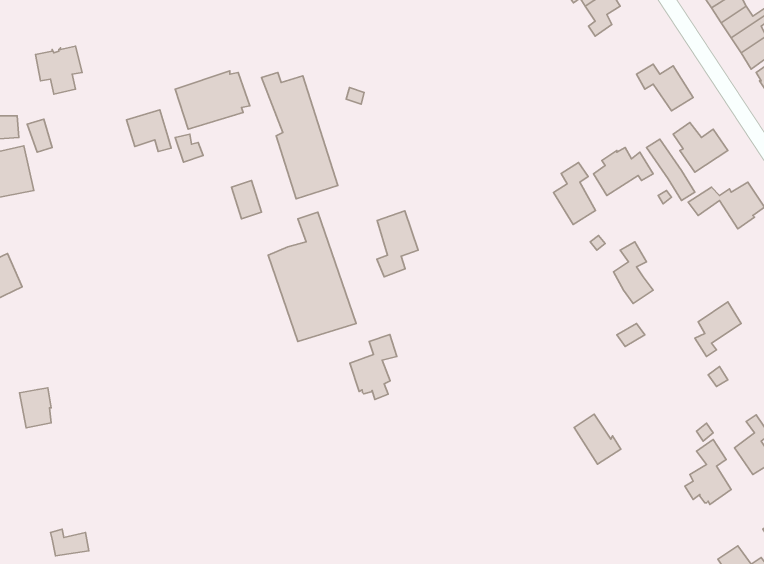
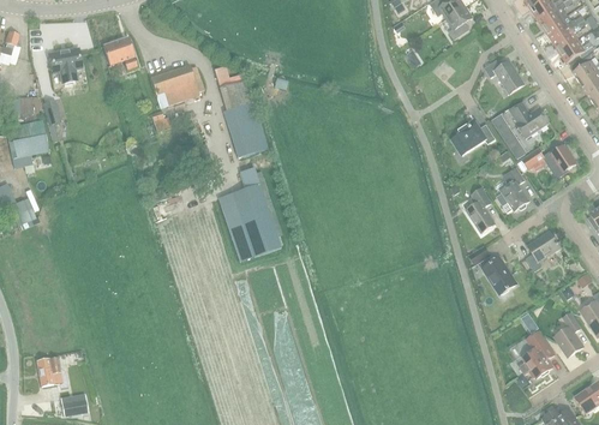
building: [126,110,171,151] -> [104,37,137,67]
building: [553,162,596,225] -> none
building: [377,211,418,277] -> none
building: none -> [501,167,529,211]
building: [350,334,397,399] -> none
building: [19,388,51,428] -> [37,355,60,384]
building: [574,414,621,464] -> [483,257,516,293]

